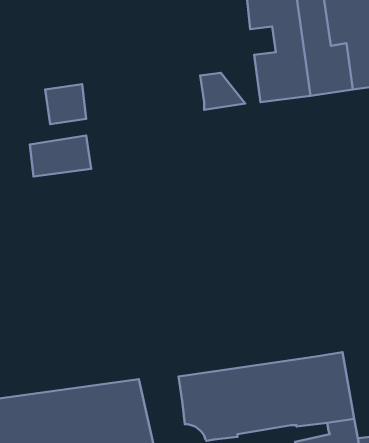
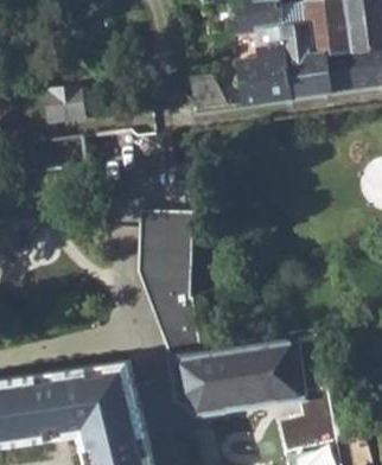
building: none -> [139,209,199,358]

